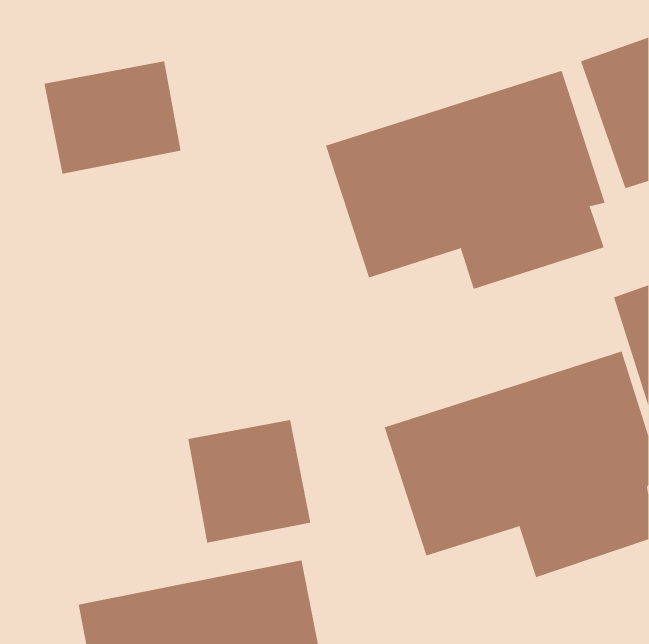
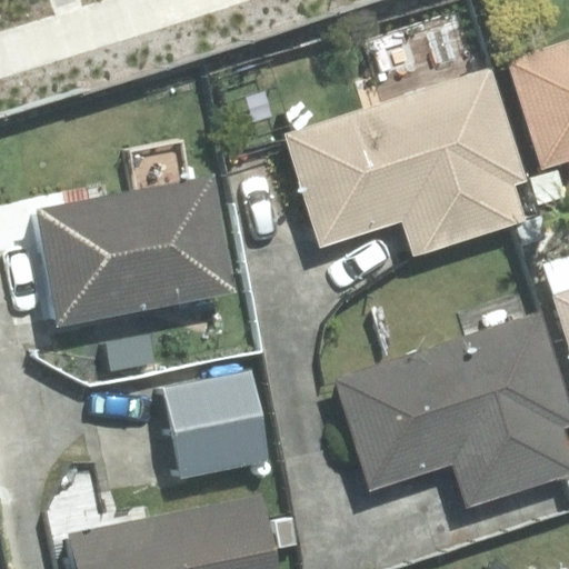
building: [44,60,181,174] -> none
building: none -> [38,173,238,326]

